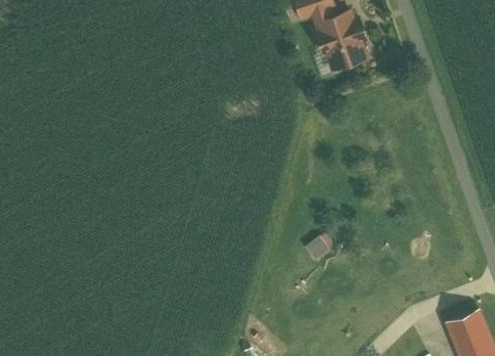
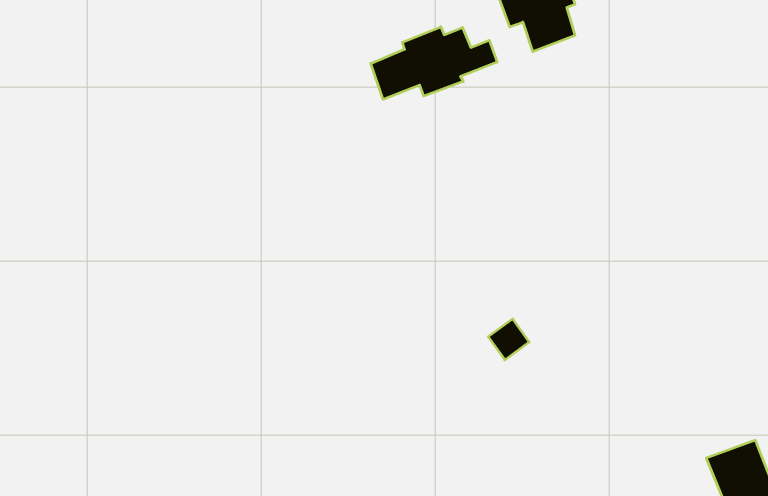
building: none -> [371,27,497,99]

